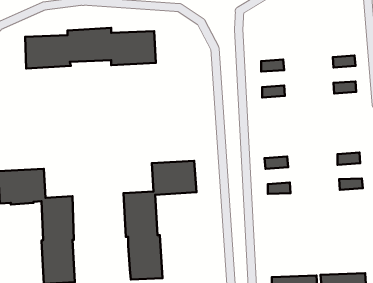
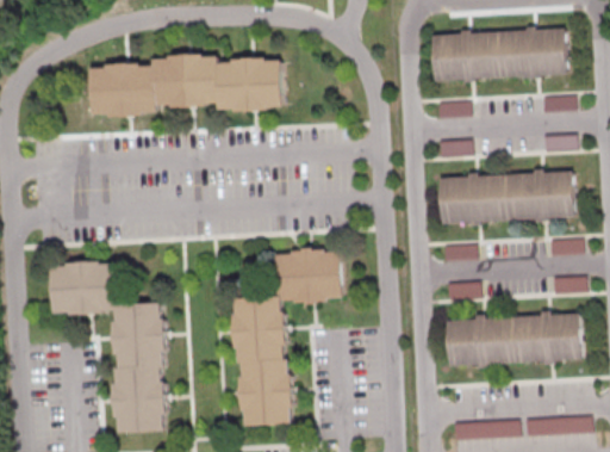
building: none -> [431,26,567,83]
building: none -> [438,168,574,225]
building: none -> [447,311,583,369]

